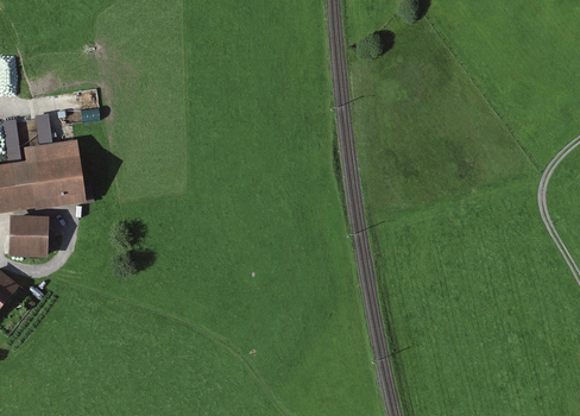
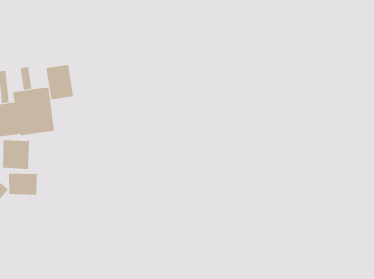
building: none -> [46,64,74,100]
building: none -> [9,173,37,195]

